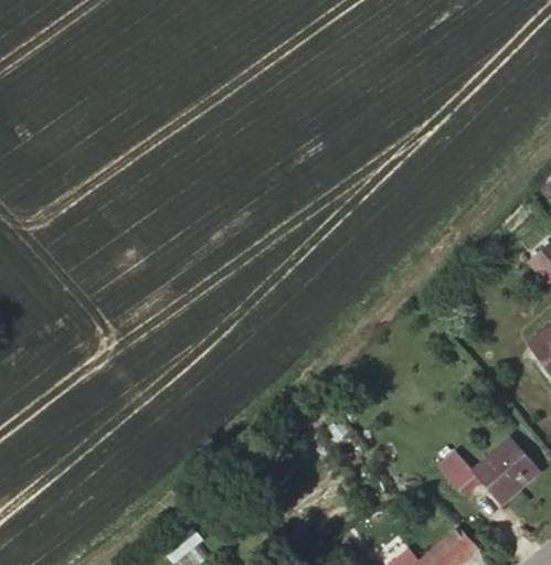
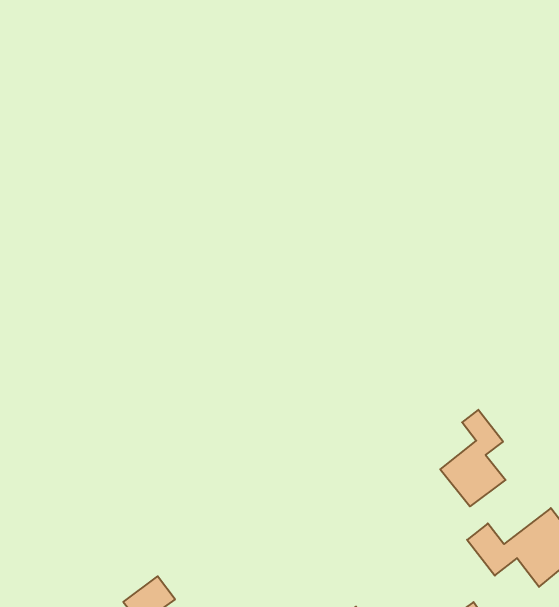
building: none -> [440,410,506,506]

